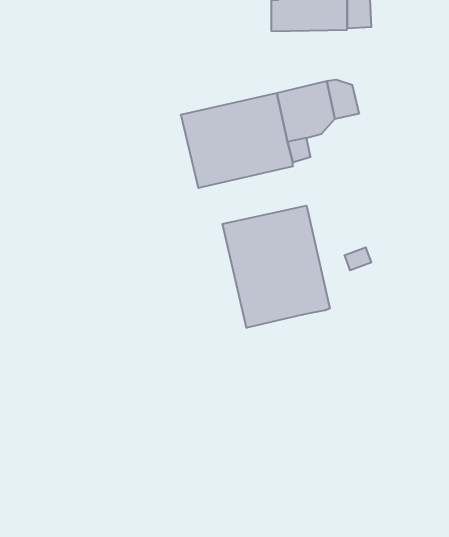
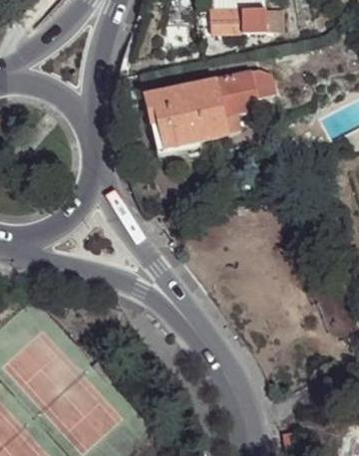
building: [222,206,330,328] -> none

